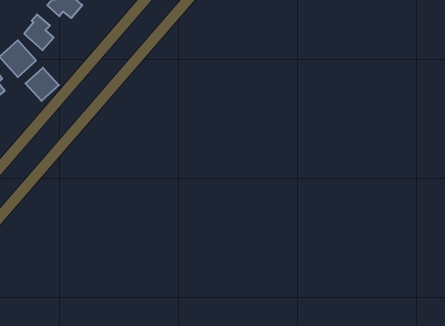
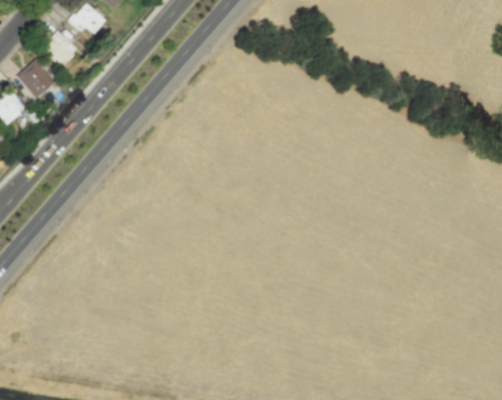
building: [25,68,59,101] -> none

